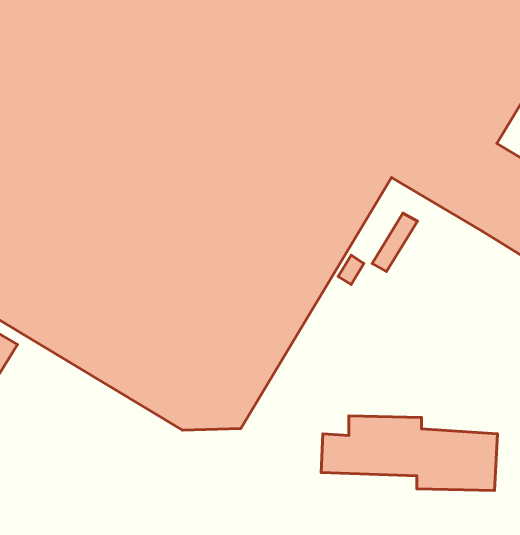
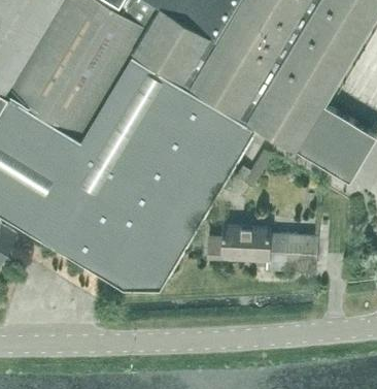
building: [321,416,498,490] -> [205,225,317,272]

